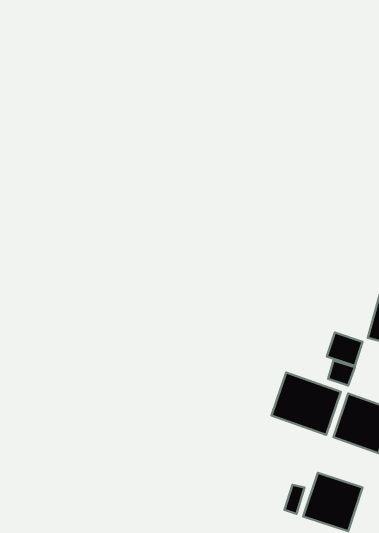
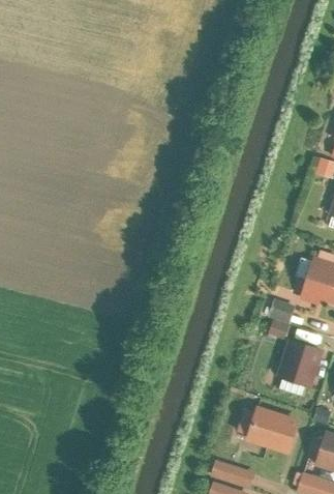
building: [272,373,341,435] -> none

